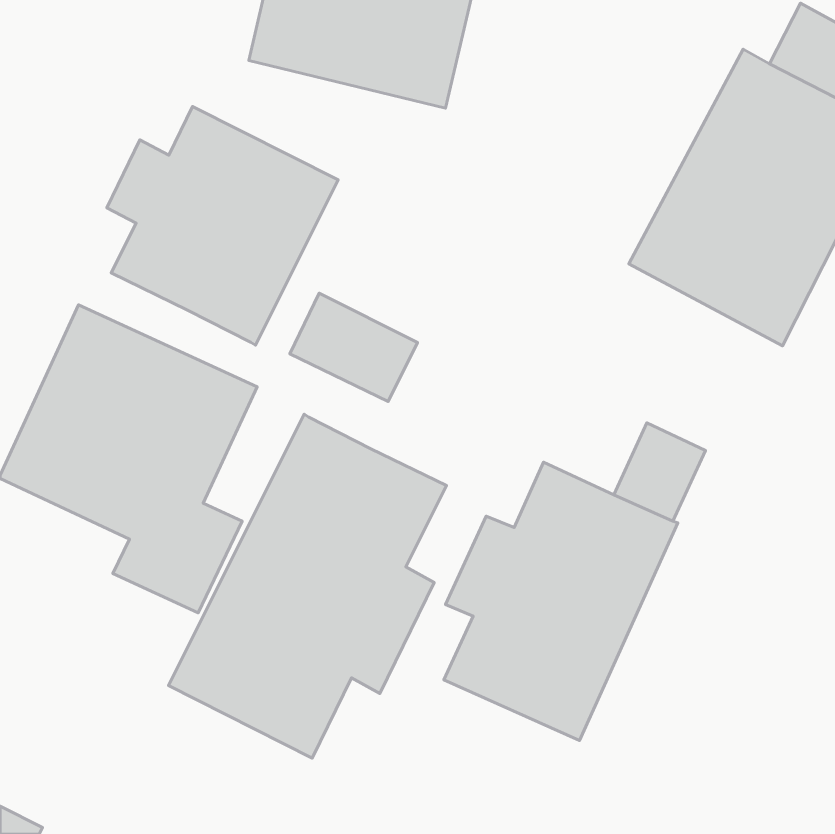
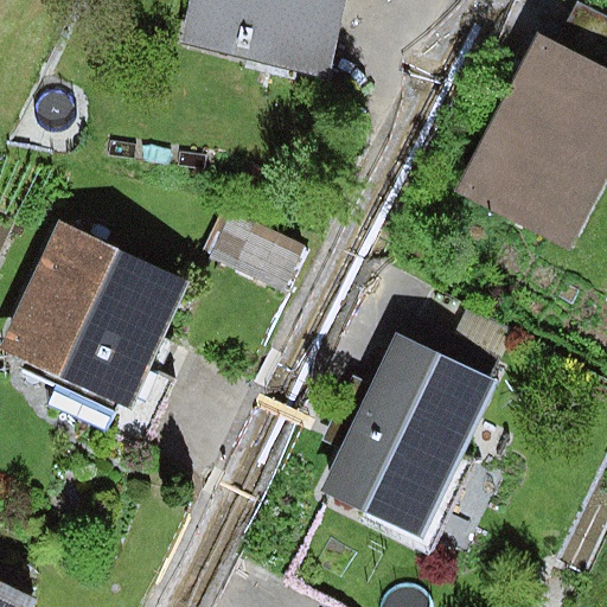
building: [107,106,338,345] -> none
building: [169,414,447,758] -> none

